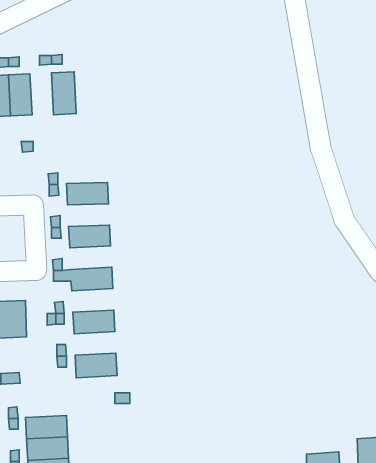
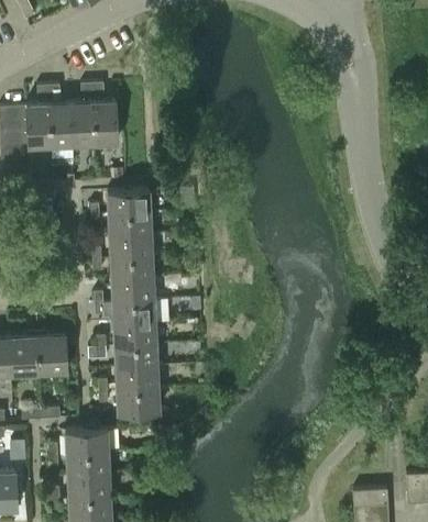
building: none -> [70,101,95,144]
building: none -> [107,190,150,214]
building: none -> [109,235,152,258]
building: none -> [111,278,154,302]
building: none -> [113,322,156,346]
building: none -> [116,366,158,390]
building: none -> [65,429,108,454]

